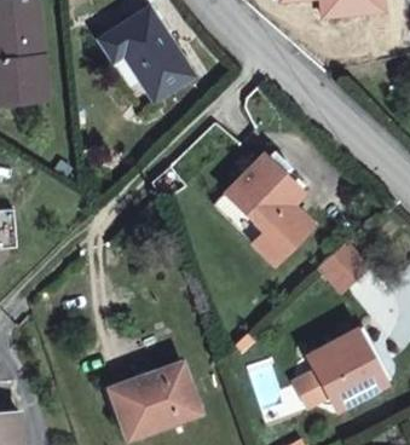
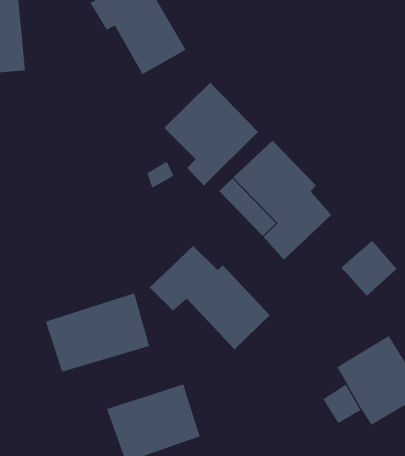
building: none -> [164,82,259,186]
building: none -> [149,245,271,350]
building: none -> [45,292,150,372]

